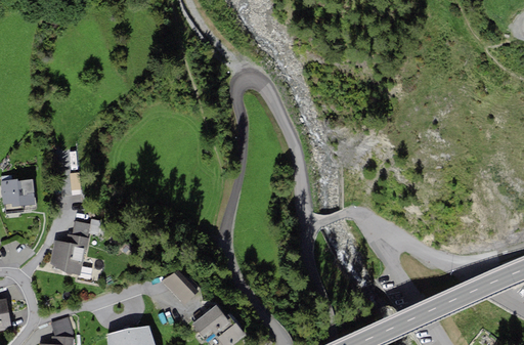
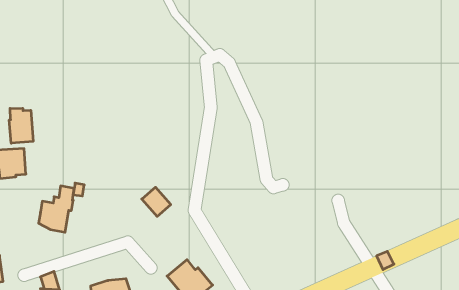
building: none -> [9,108,33,143]
building: [164,269,196,302] -> [142,187,171,216]

